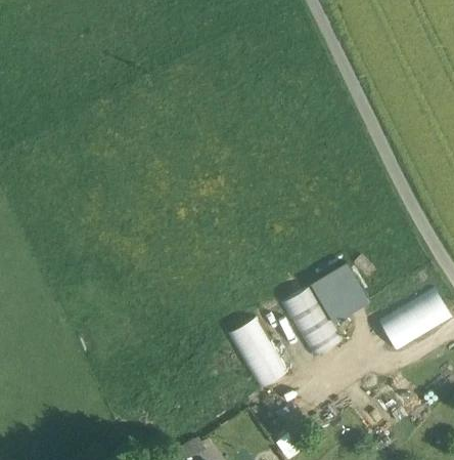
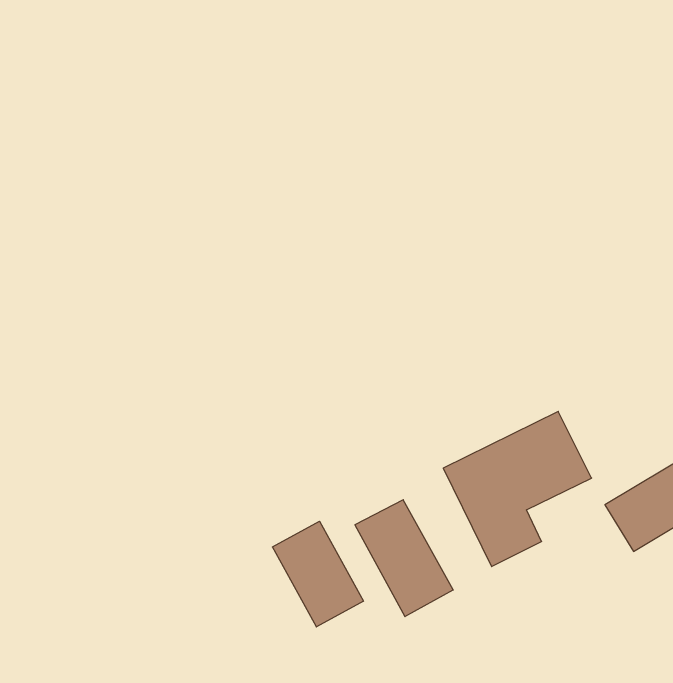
building: none -> [272,521,363,627]

